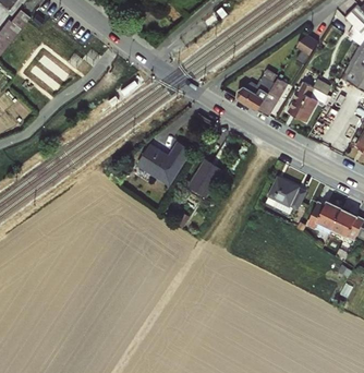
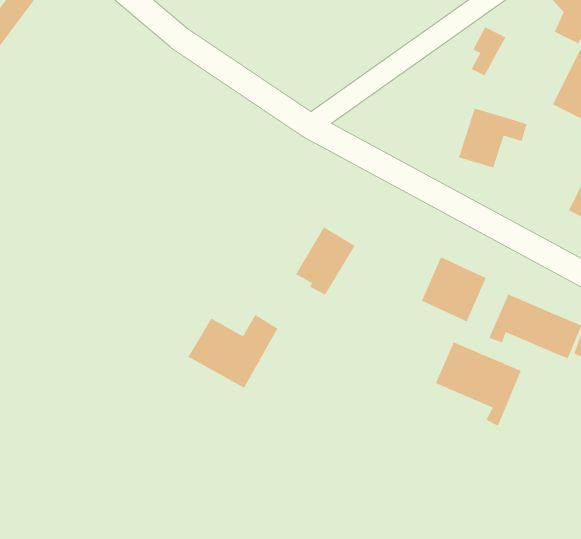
building: [235,69,289,117] -> none
building: [135,140,191,185] -> [188,314,278,389]
building: none -> [435,341,522,427]

